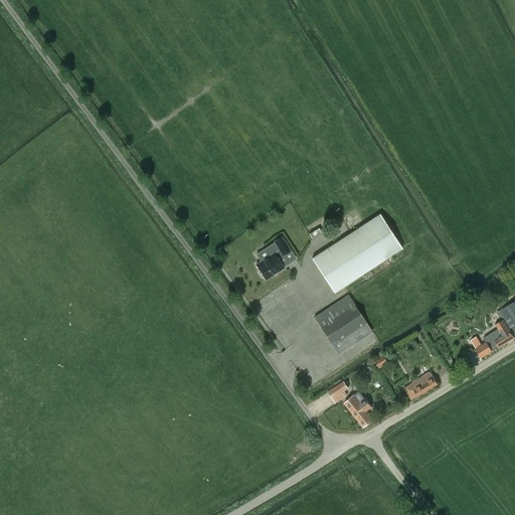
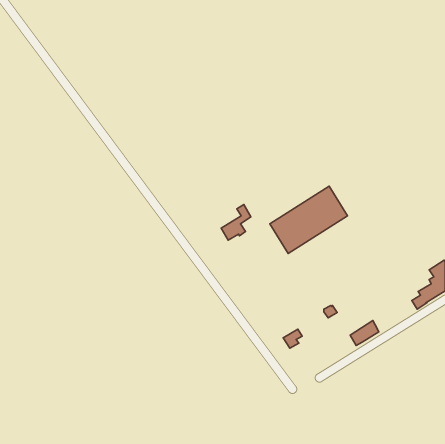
building: [314,293,373,354] -> none
building: [344,394,373,425] -> none

